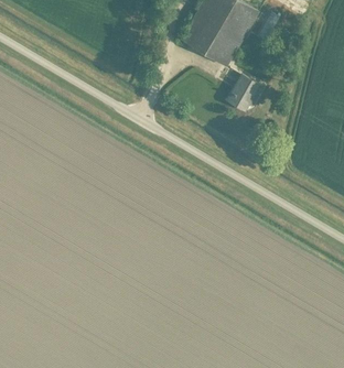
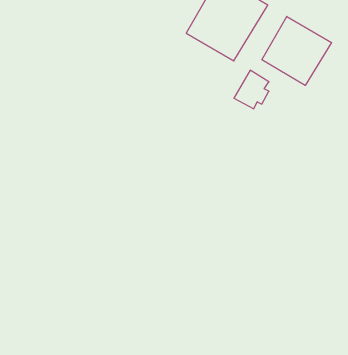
building: none -> [262,16,332,85]

